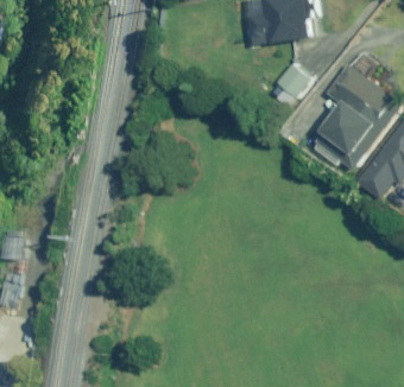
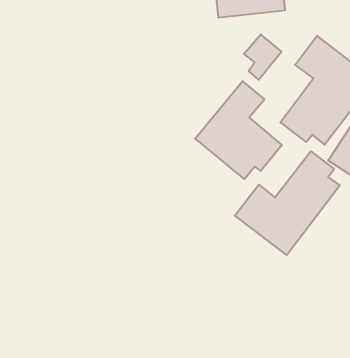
building: none -> [195,81,282,179]
building: none -> [235,151,340,255]

